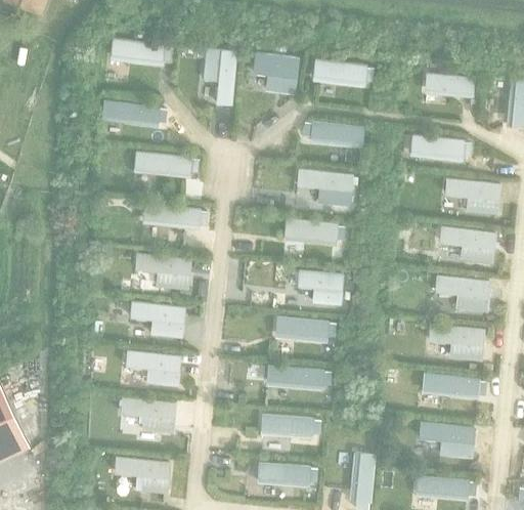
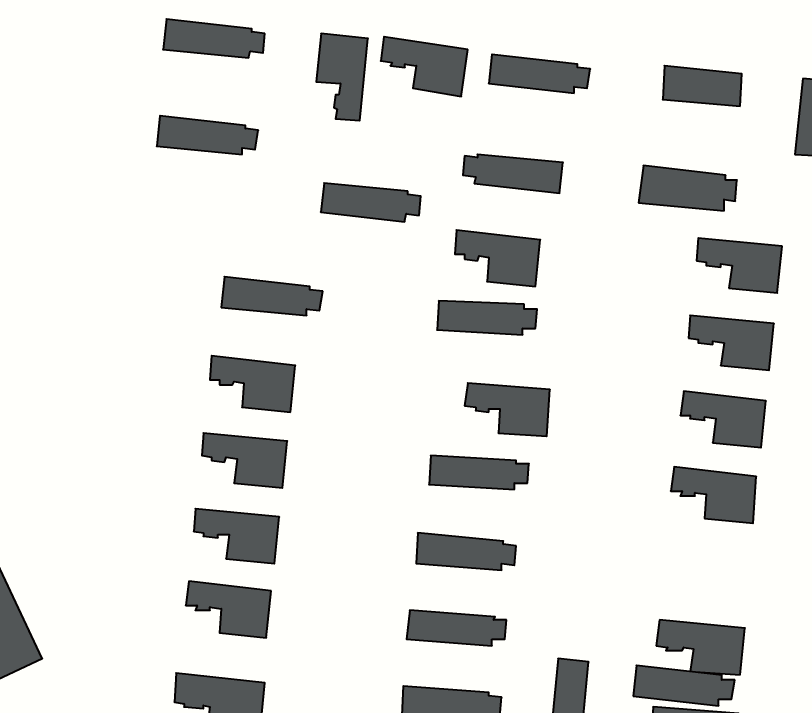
building: [135,152,199,176] -> [321,183,421,222]
building: [423,373,487,398] -> [633,665,735,706]

